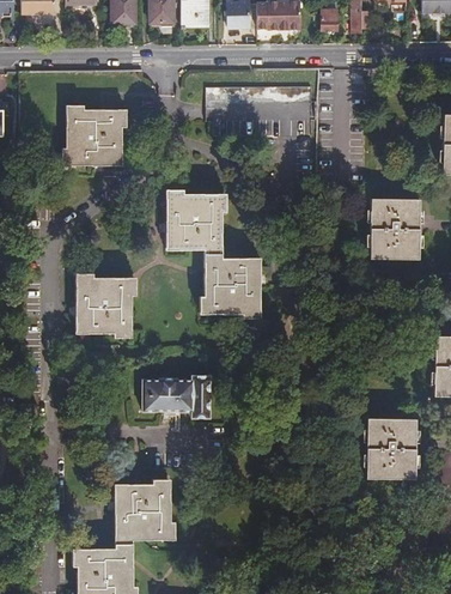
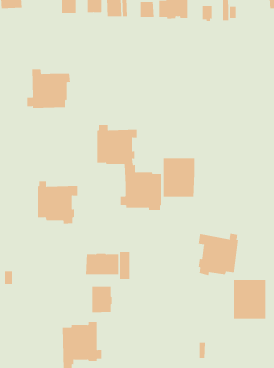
building: [372,199,420,257] -> [163,158,195,197]
building: none -> [198,233,239,276]
building: none -> [92,286,112,313]

